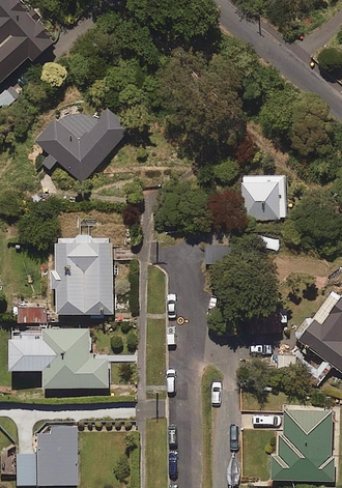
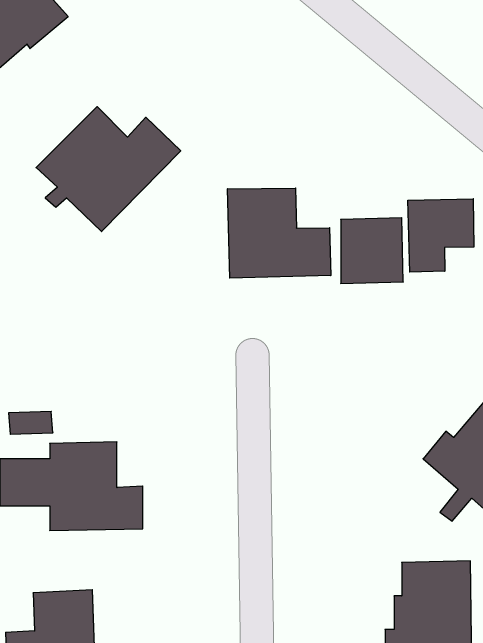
building: none -> [228,188,331,278]
building: none -> [408,199,474,272]
building: [51,238,114,314] -> none

